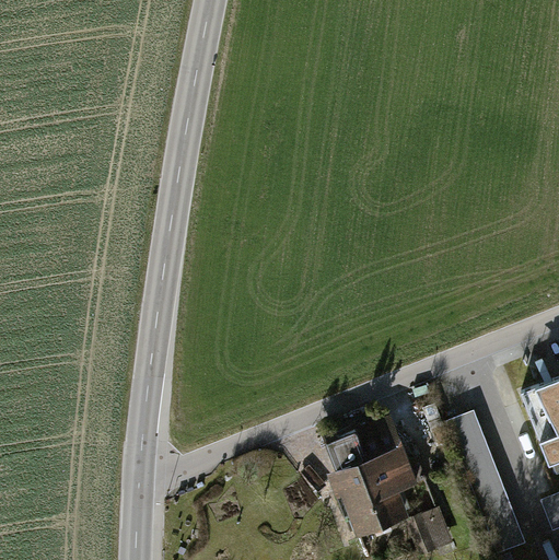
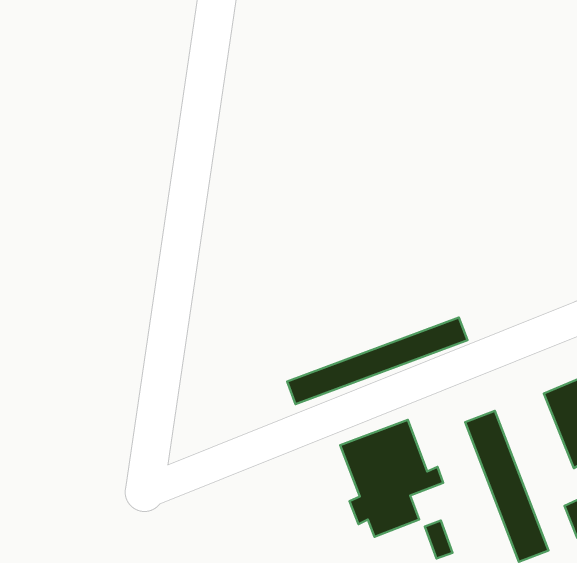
building: none -> [287,318,467,404]

